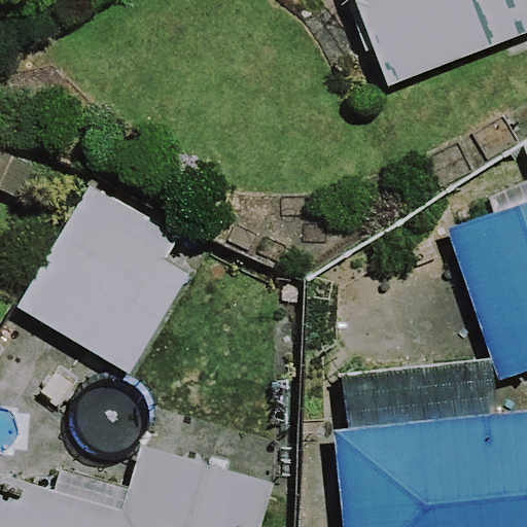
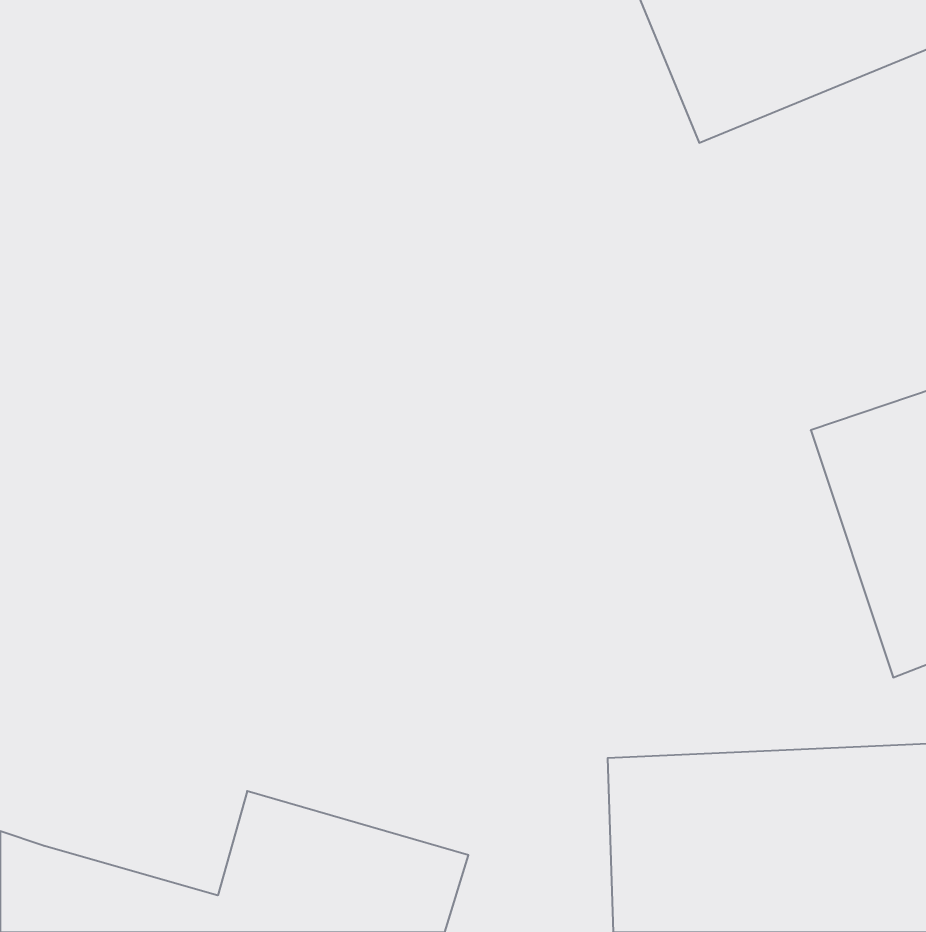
building: [15,187,203,379] -> none

